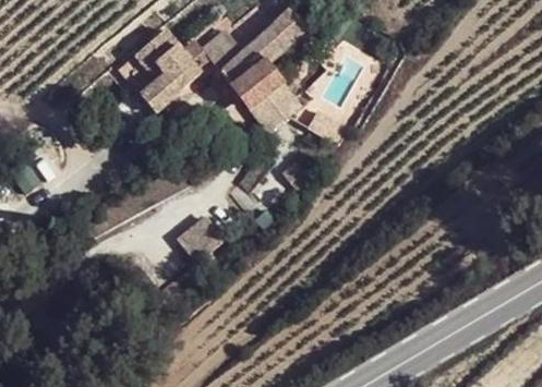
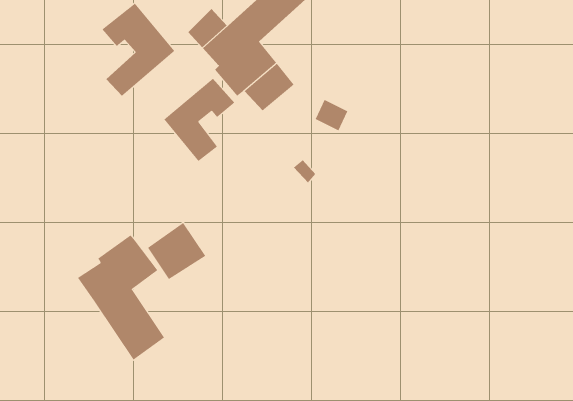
building: none -> [164,78,235,162]
building: none -> [77,234,165,360]

